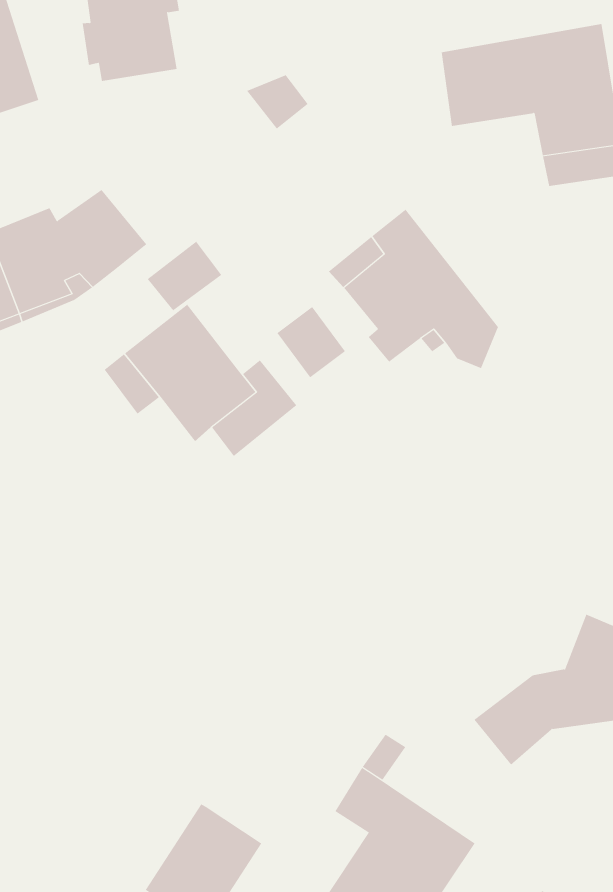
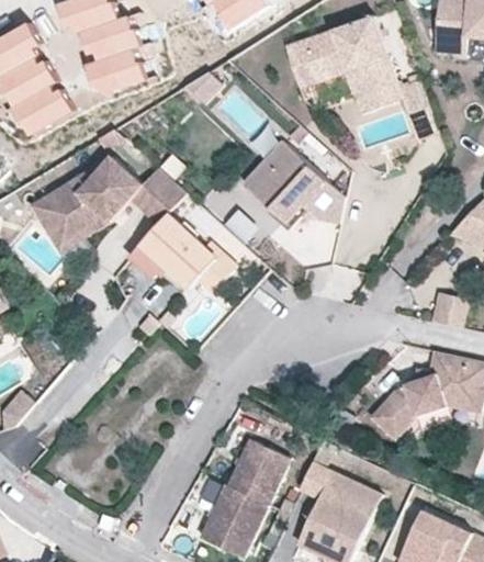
building: none -> [126,166,168,225]
building: none -> [228,446,284,508]

